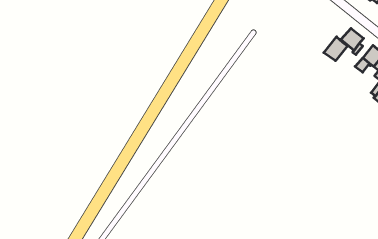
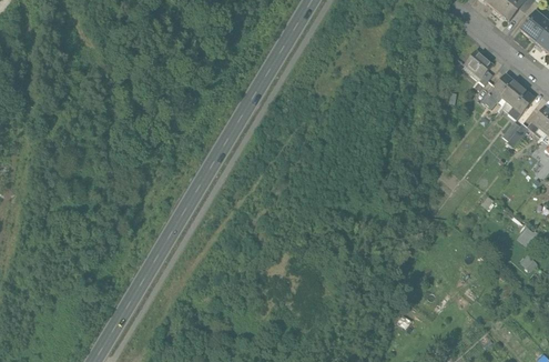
building: [324,37,347,61] -> none

